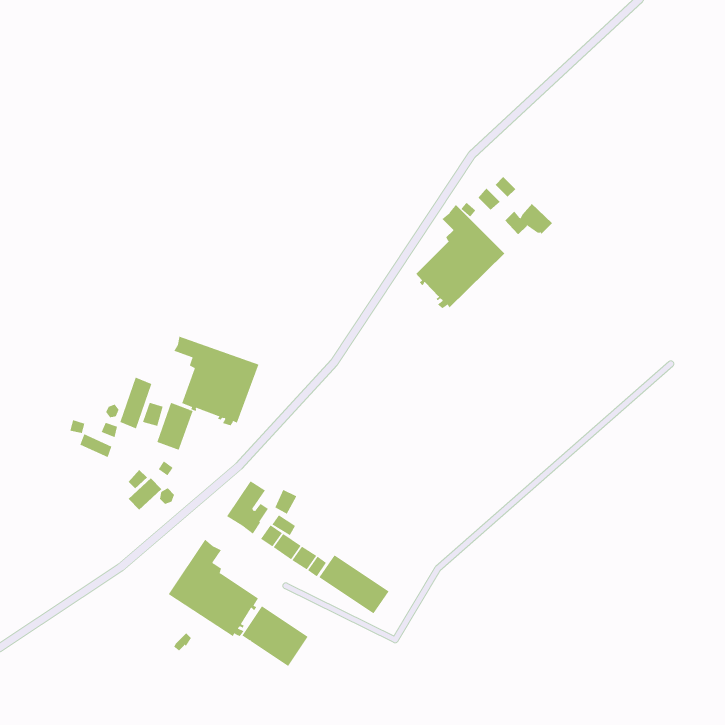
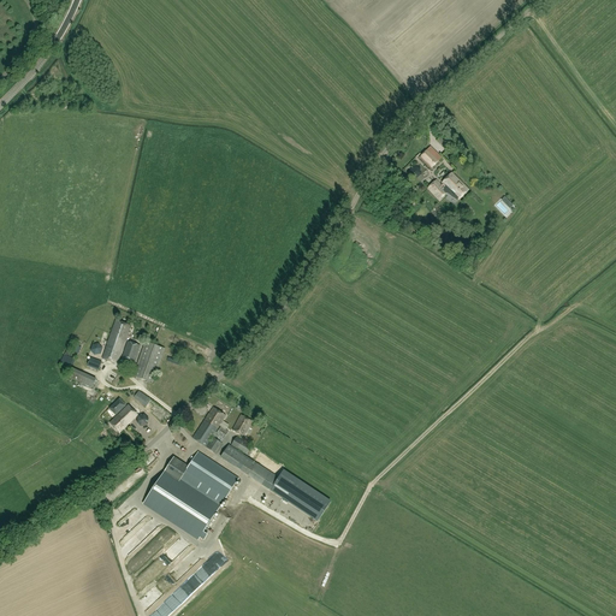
building: [415,204,505,309] -> none
building: [173,336,259,426] -> none
building: [242,606,308,667] -> [180,451,237,503]

